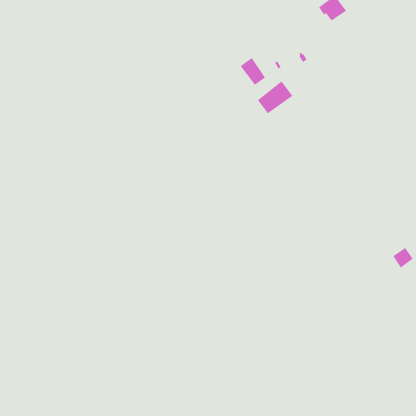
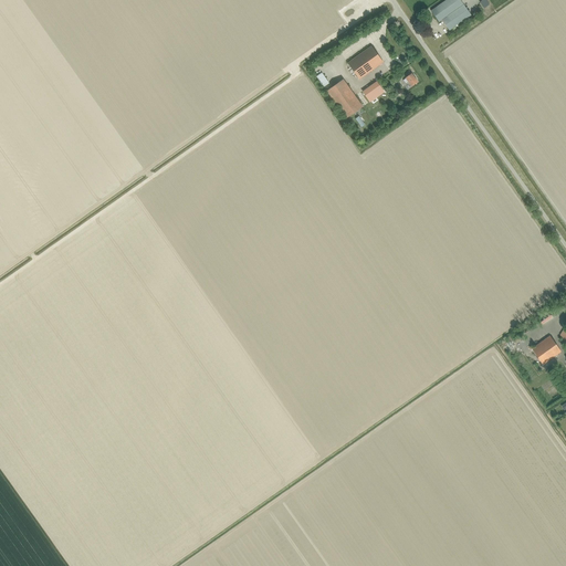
building: none -> [348,45,384,78]
building: [257,81,293,114] -> none

